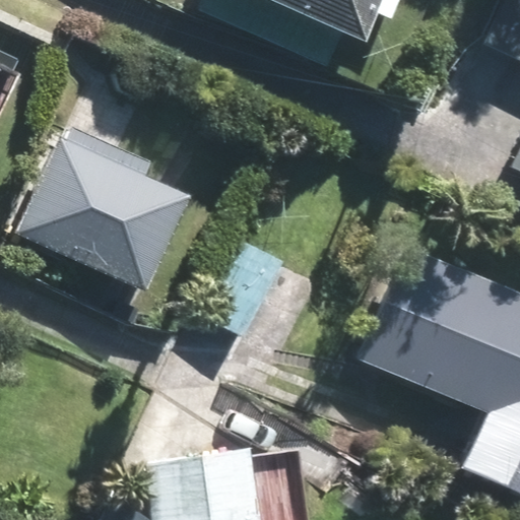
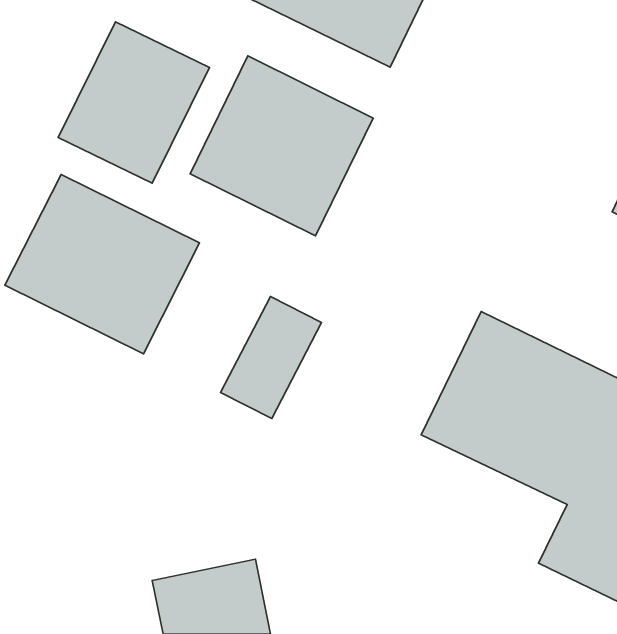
building: none -> [58,22,209,183]
building: none -> [190,56,373,236]

